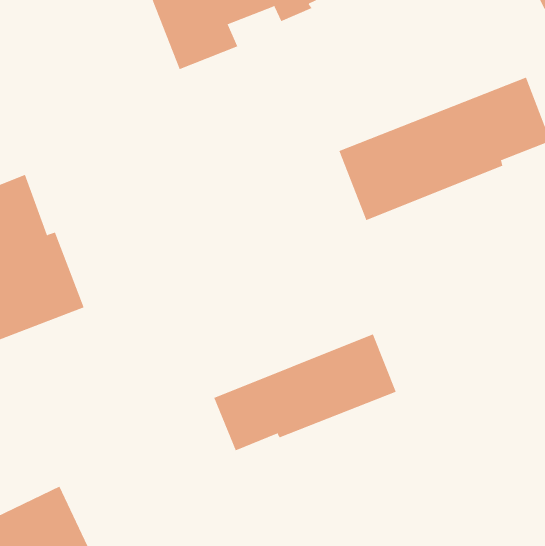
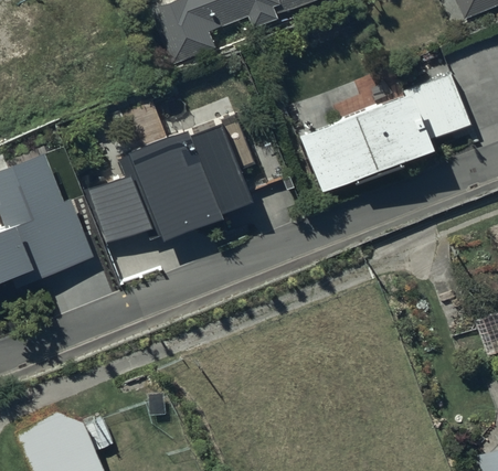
building: none -> [89,119,248,248]
building: [214,334,397,451] -> none

